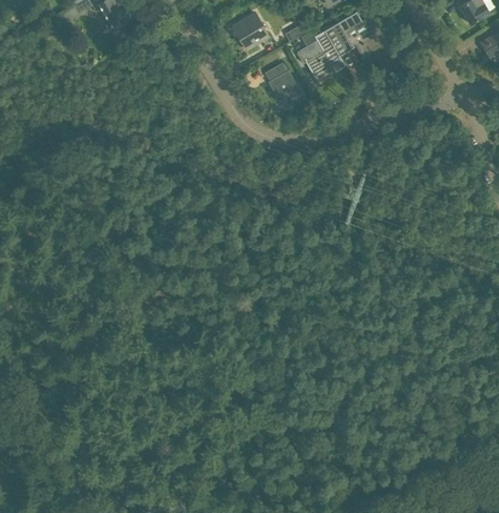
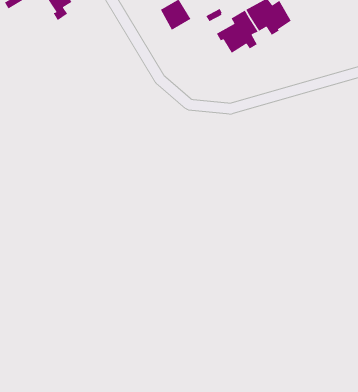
building: [265,62,303,108] -> none

